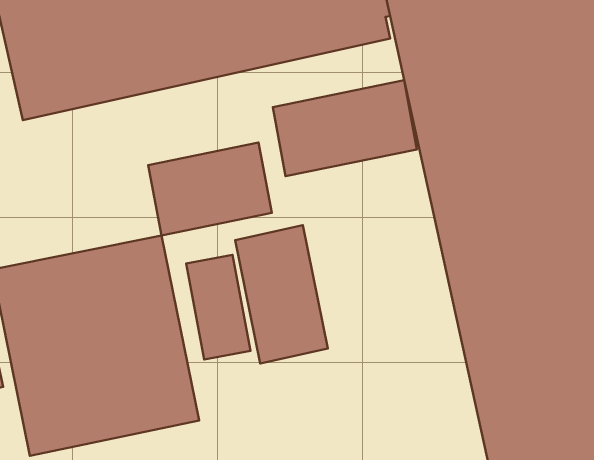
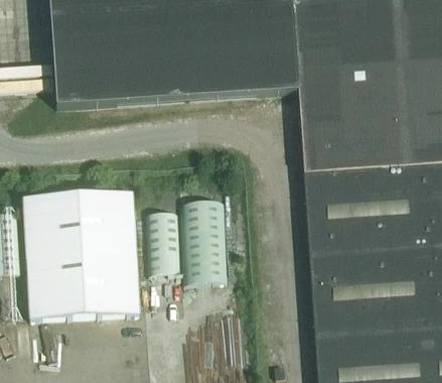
building: [273,80,417,176] -> none
building: [148,143,272,236] -> none

